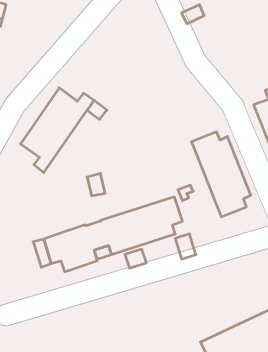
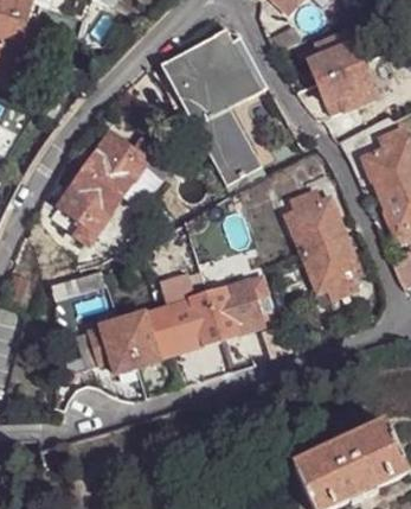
building: none -> [161,28,263,184]
building: none -> [308,30,374,113]

